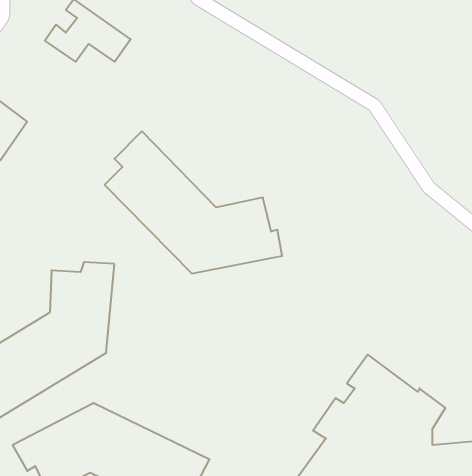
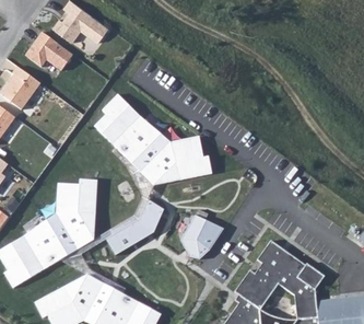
building: none -> [30,32,74,71]
building: none -> [105,199,166,255]
building: none -> [178,215,222,258]

